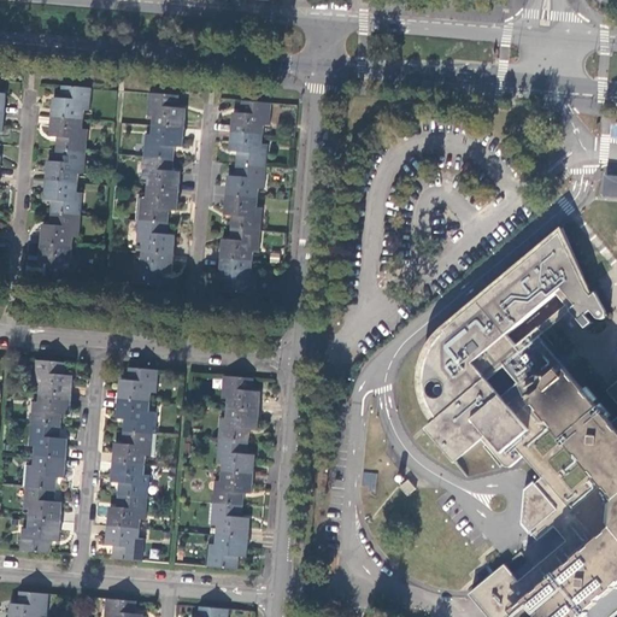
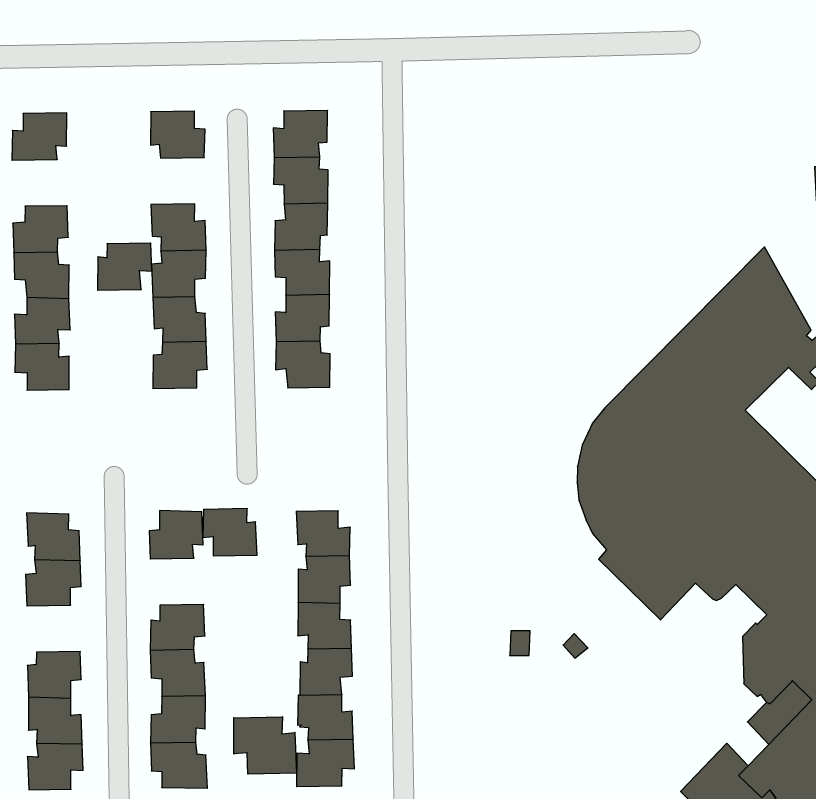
building: [49,116,88,151] -> none
building: [143,124,183,158] -> [98,243,152,290]
building: [117,399,154,434] -> [203,509,257,556]
building: [30,423,67,458] -> none
building: none -> [234,717,297,774]

